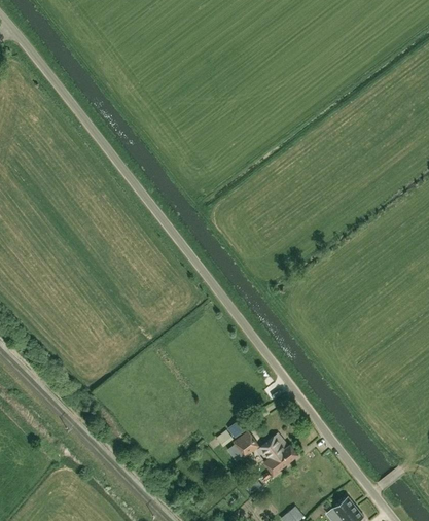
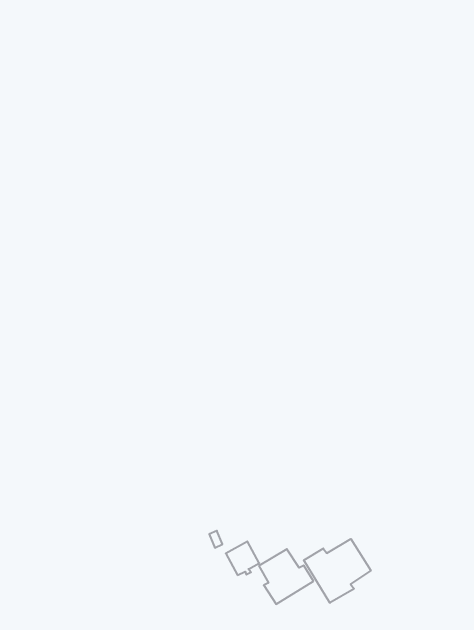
building: none -> [304,539,371,603]

